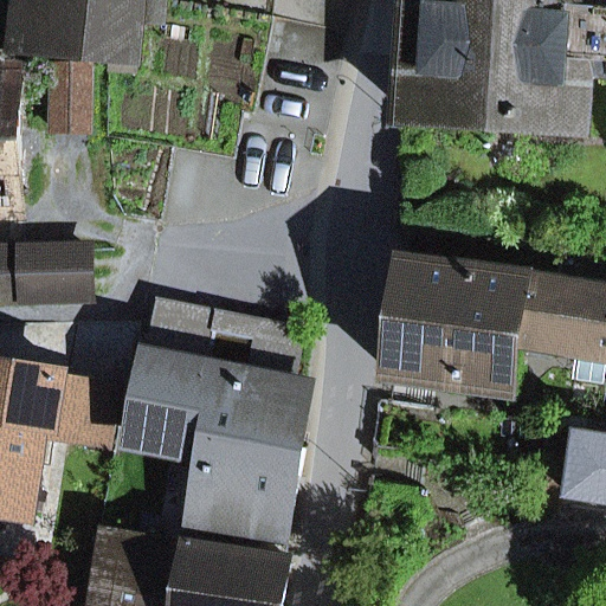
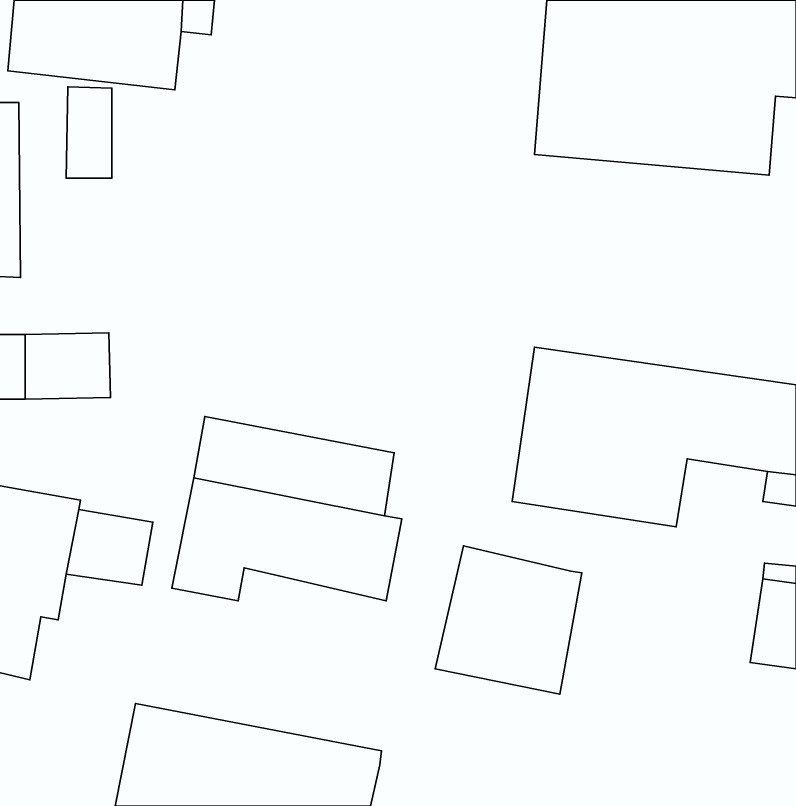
building: [188,432,298,543] -> [435,546,582,694]

